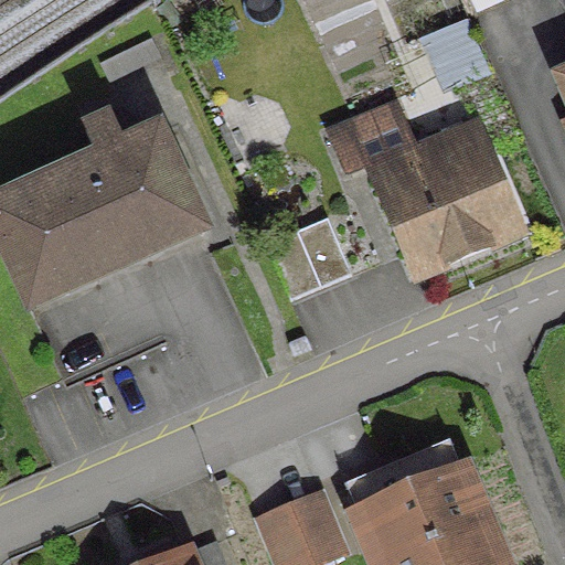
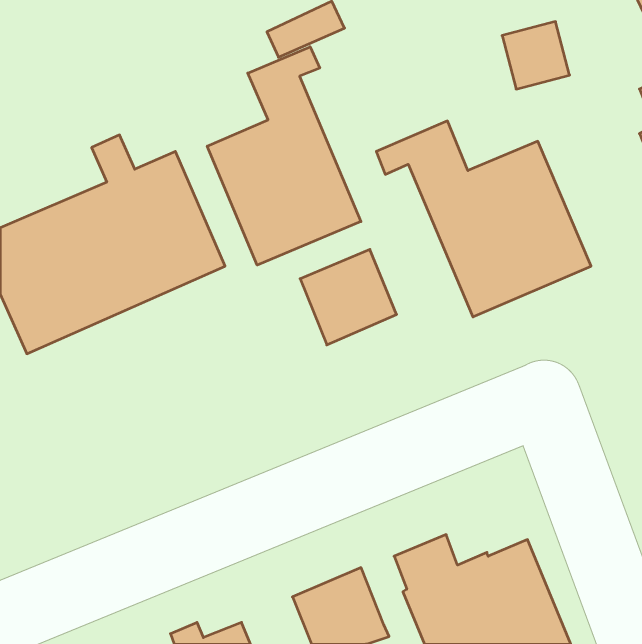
building: none -> [207,47,361,265]

